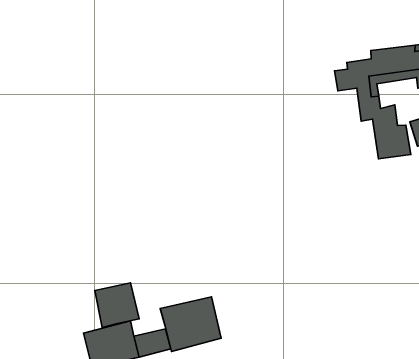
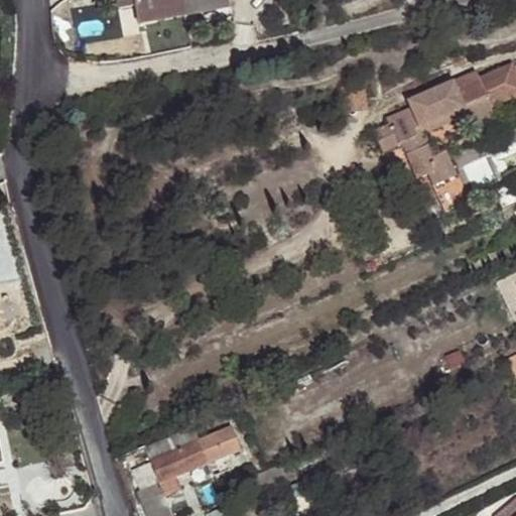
building: [95,283,139,327] -> none
building: [160,297,221,351] -> none

